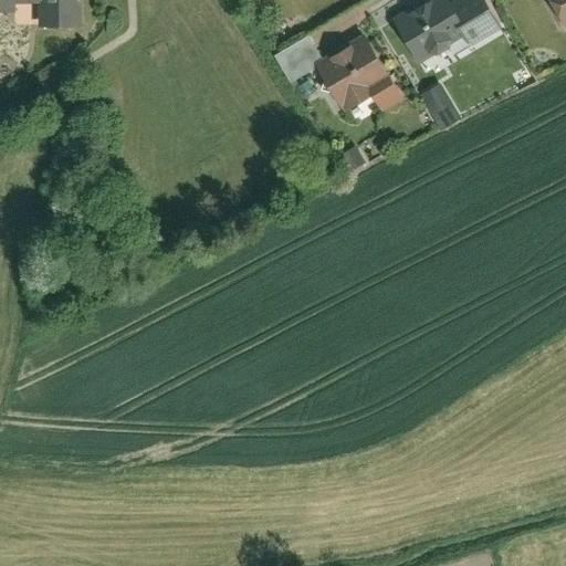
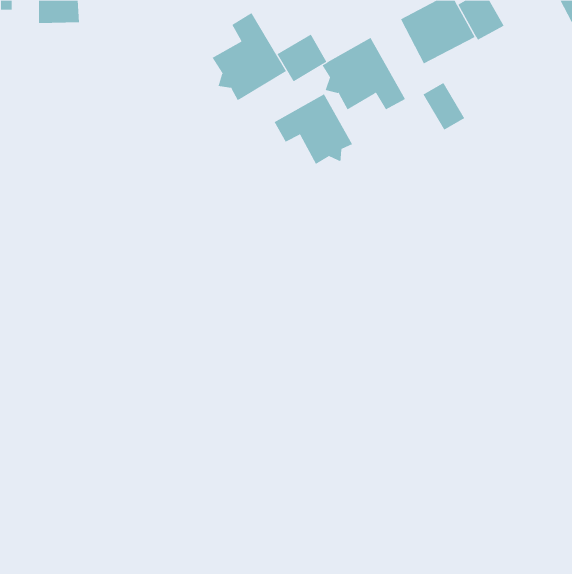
building: none -> [212,12,287,101]
building: none -> [274,93,353,165]

